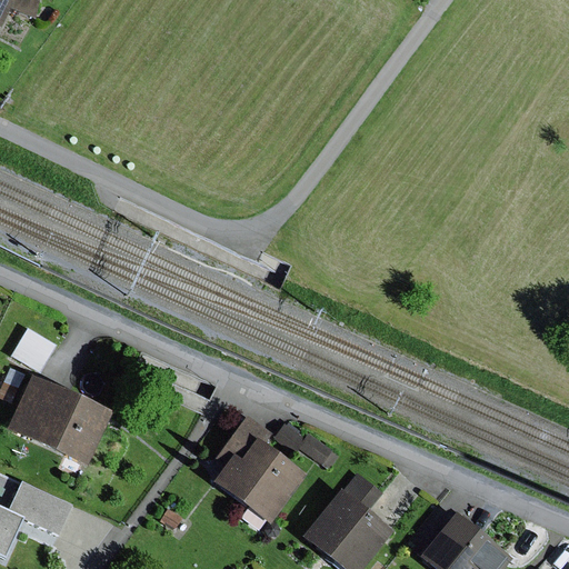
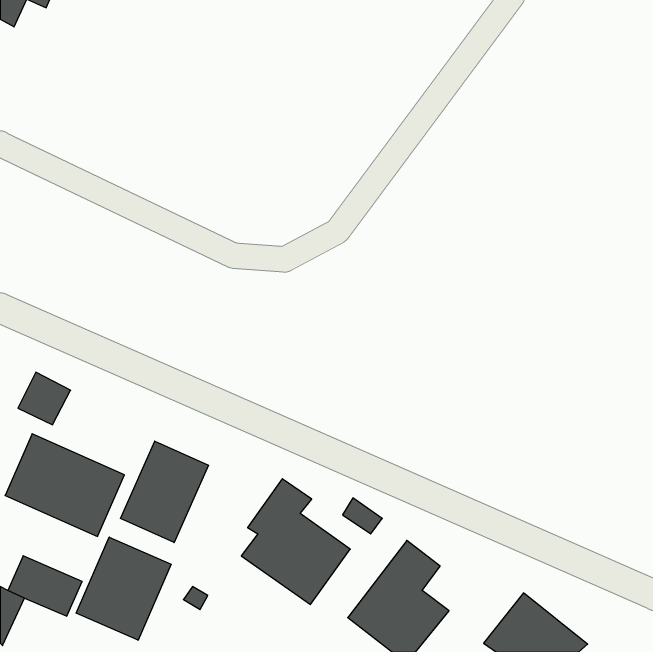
building: none -> [120,441,208,543]
building: none -> [76,537,171,640]

